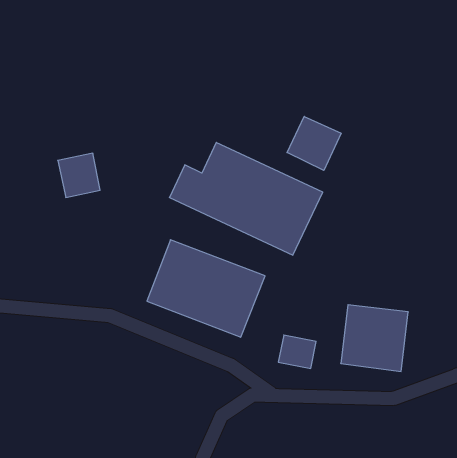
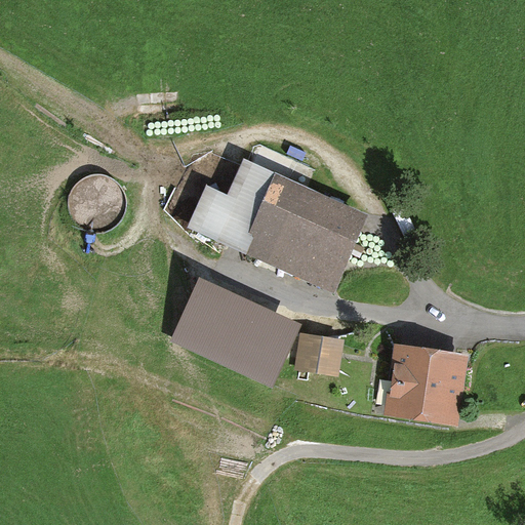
building: [287,116,341,170] -> none
building: [278,335,316,368] -> [296,337,339,375]

